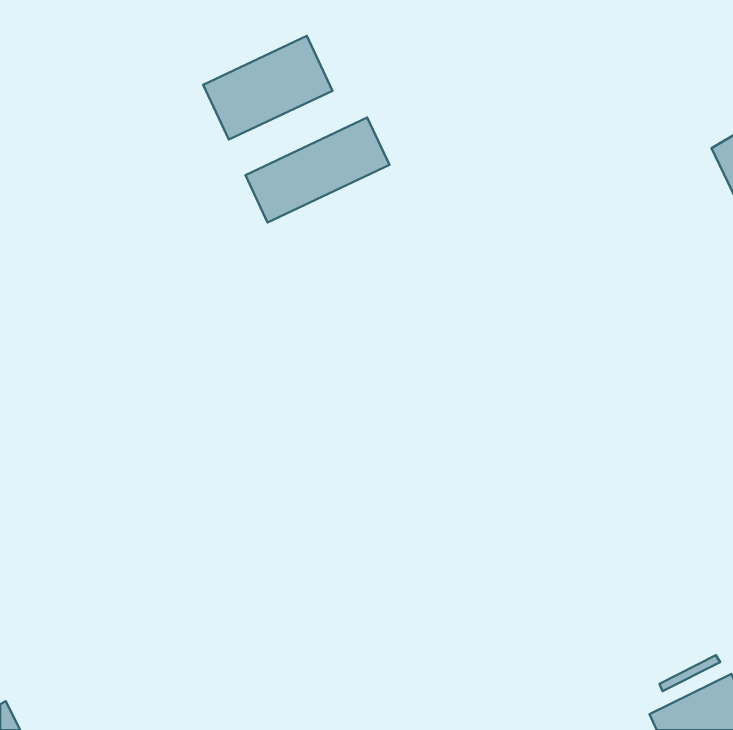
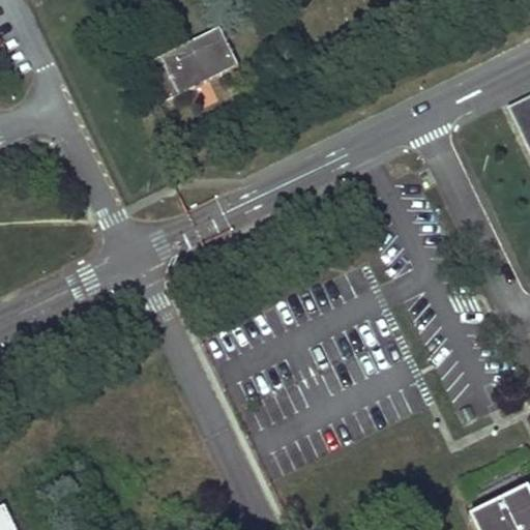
building: [245,118,390,223] -> none

